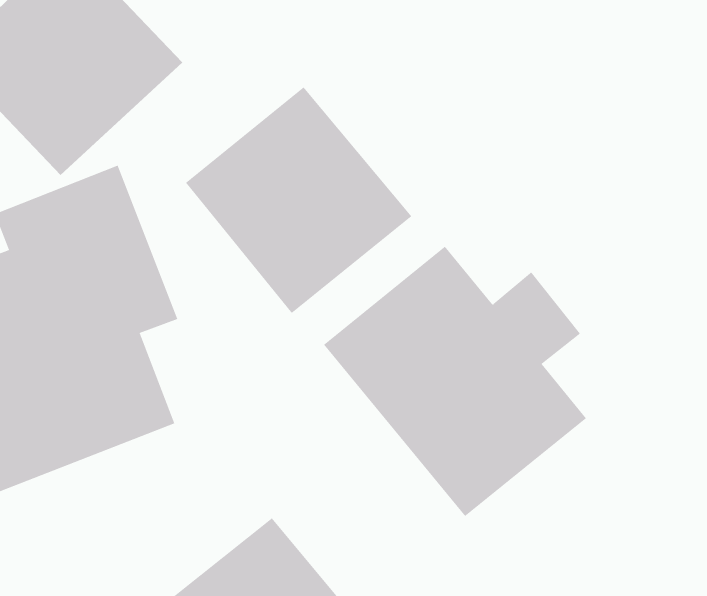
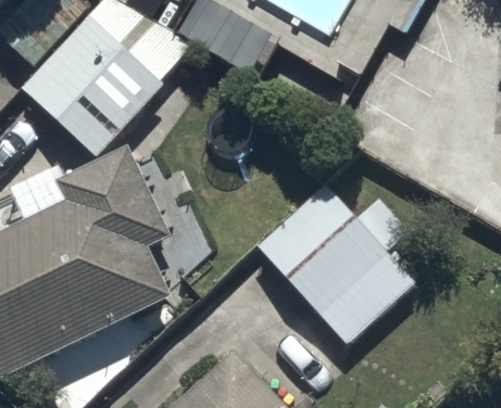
building: [185,87,412,314] -> none

